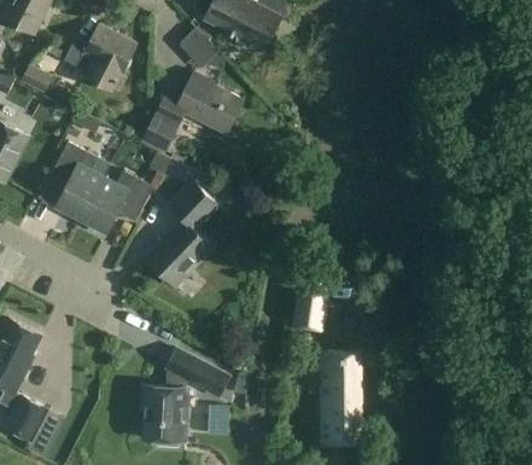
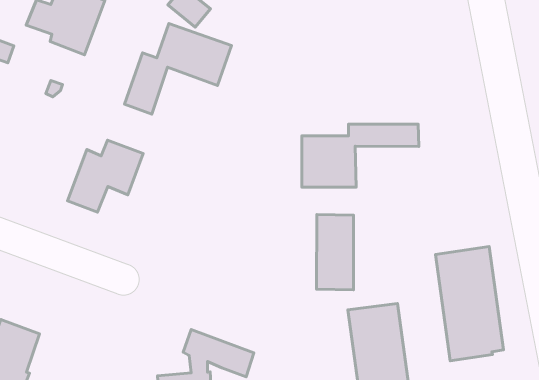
building: [48,140,104,220] -> none
building: [146,180,216,285] -> none
building: none -> [302,124,419,187]
building: none -> [435,246,504,361]

